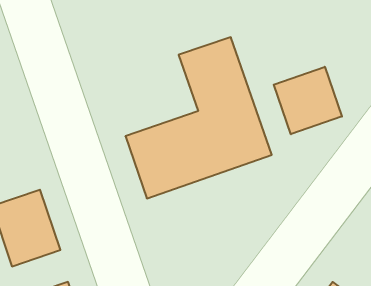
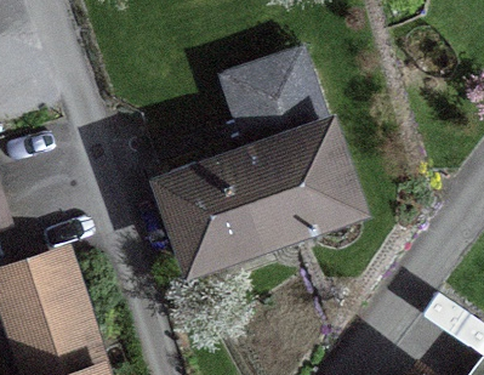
building: [274,67,342,134] -> none

